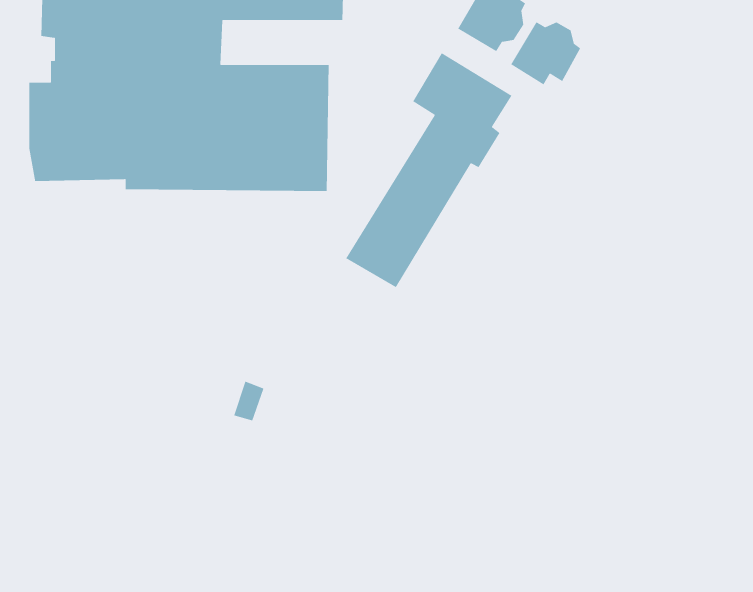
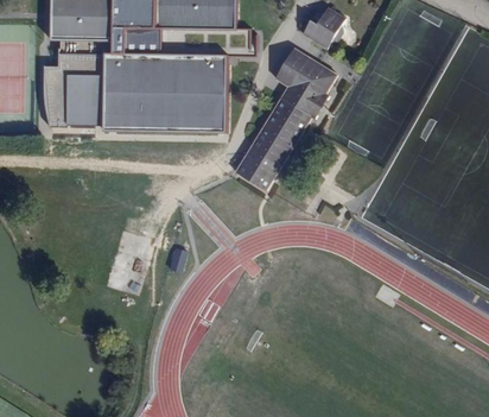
building: [510,21,581,85] -> none

